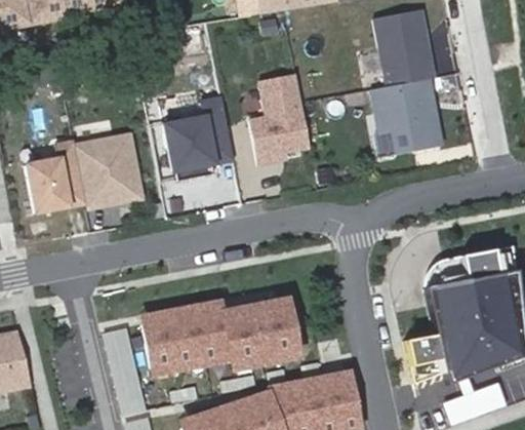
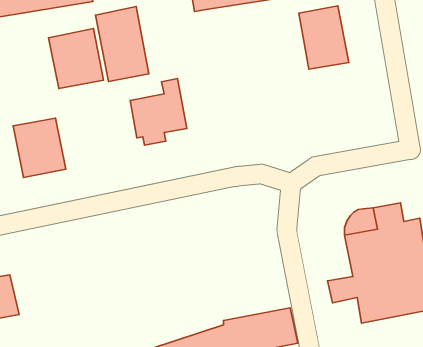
building: none -> [95,6,149,81]
building: [250,73,311,163] -> none
building: [371,77,442,150] -> none
building: [75,133,142,206] -> [49,29,104,89]
building: [151,302,306,363] -> none

